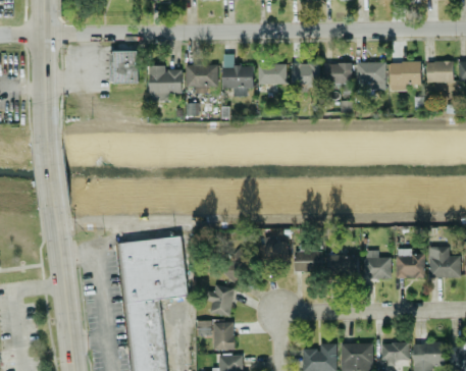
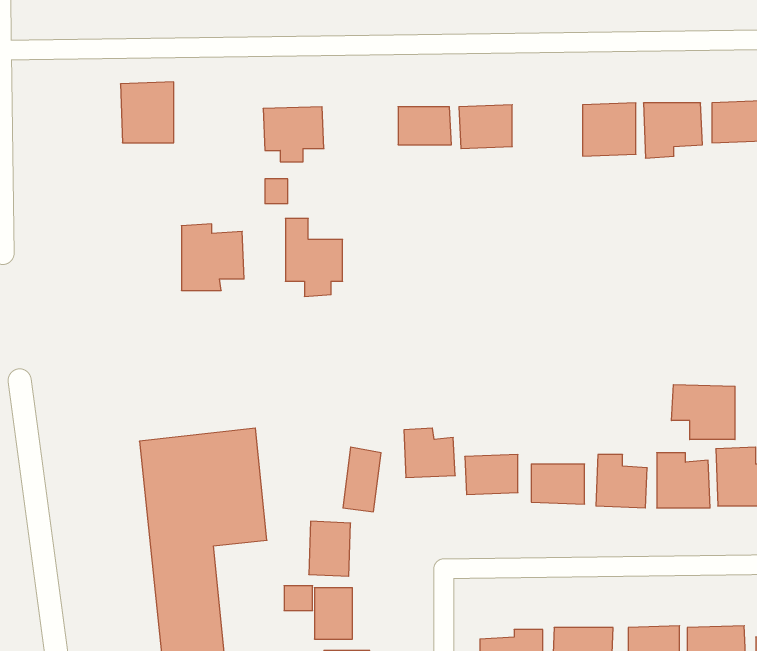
building: [222,55,253,97] -> [285,218,343,296]
building: [324,63,352,85] -> none
building: [149,65,183,101] -> [181,224,244,290]
building: none -> [671,385,735,440]

